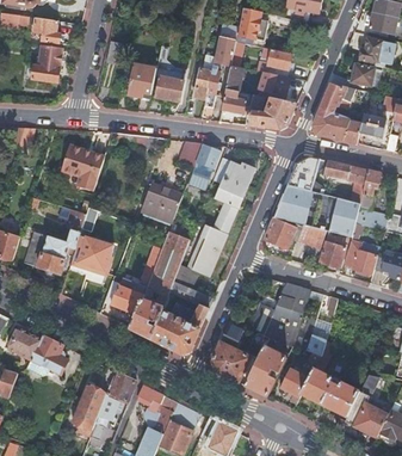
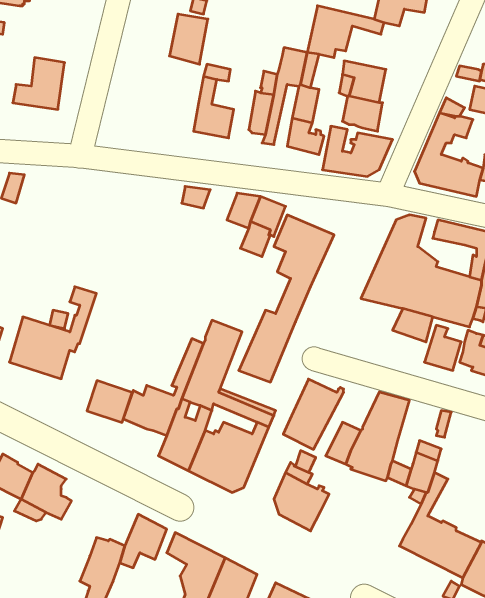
building: [32,17,63,43] -> none
building: [128,63,155,99] -> [169,14,208,64]
building: [62,143,104,191] -> none
building: [141,183,181,221] -> none
building: [264,217,295,247] -> none
building: [80,236,112,266] -> [87,381,132,422]
building: [245,345,287,395] -> [283,379,344,449]
building: [278,366,309,403] -> none

